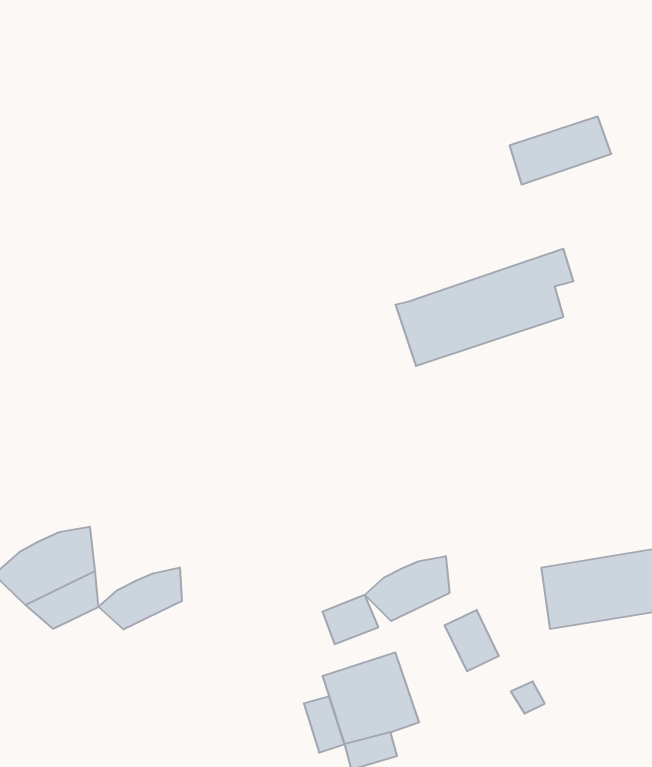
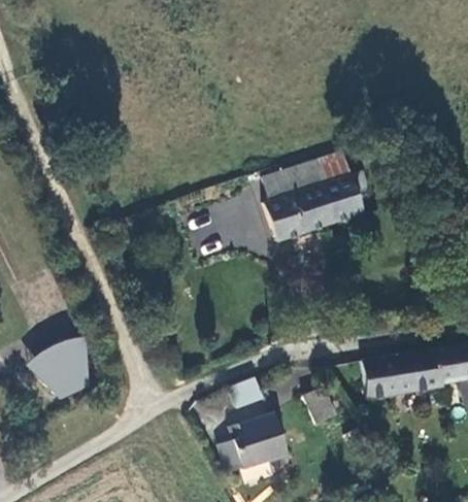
building: [510,117,611,184] -> [272,158,334,199]
building: [365,556,449,621] -> none
building: [99,567,182,630] -> none

